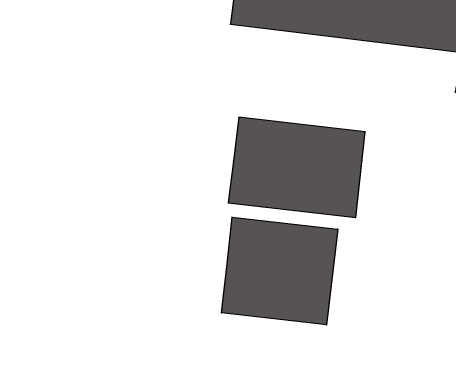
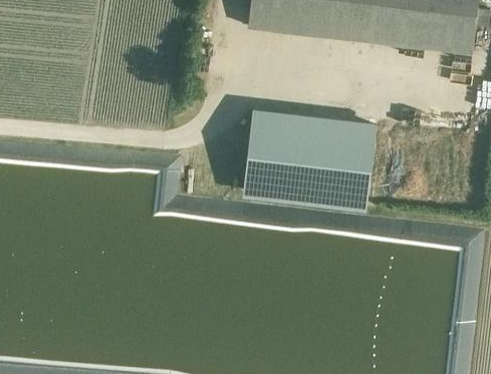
building: [222,217,338,325] -> none

